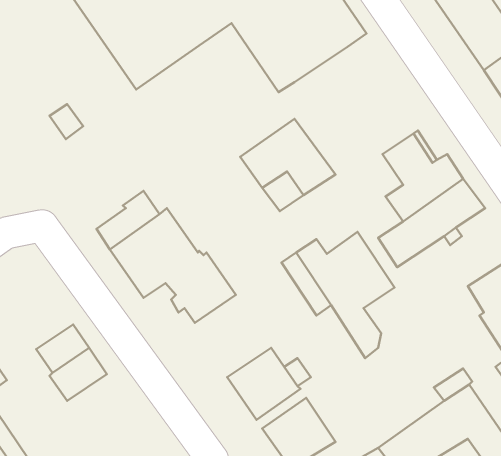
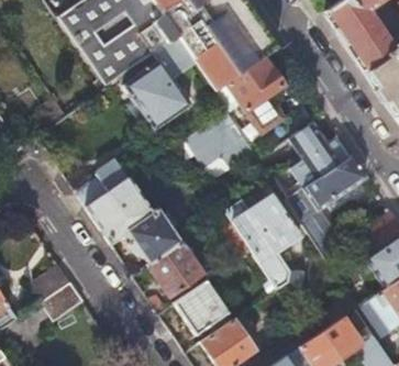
building: none -> [123,38,195,131]
building: none -> [225,56,285,134]
building: none -> [148,242,203,296]

